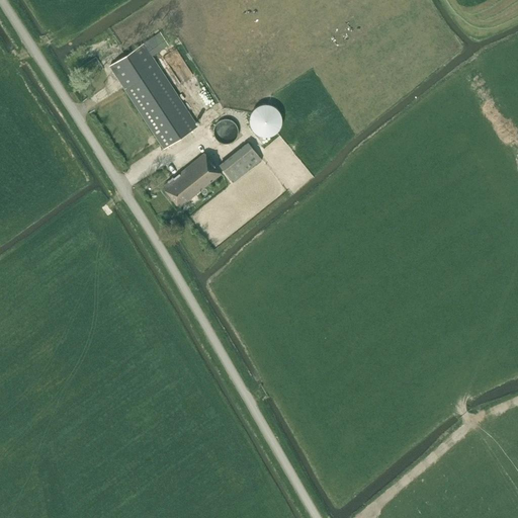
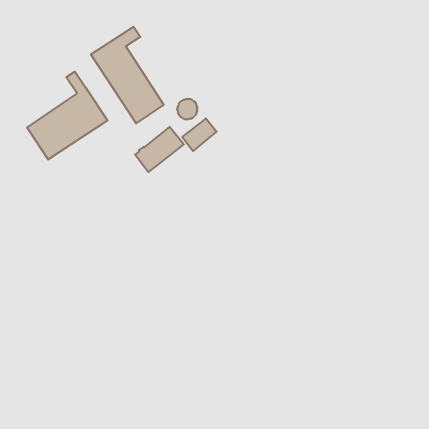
building: none -> [27,72,108,160]
building: [251,105,281,136] -> none

